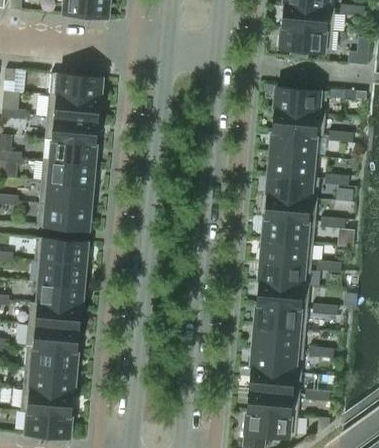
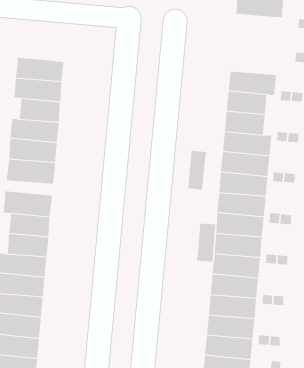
building: [56,73,100,99] -> none
building: [274,86,326,113] -> none
building: none -> [188,150,207,190]
building: none -> [196,223,216,262]

